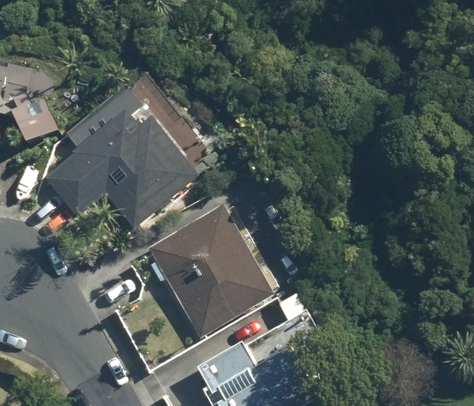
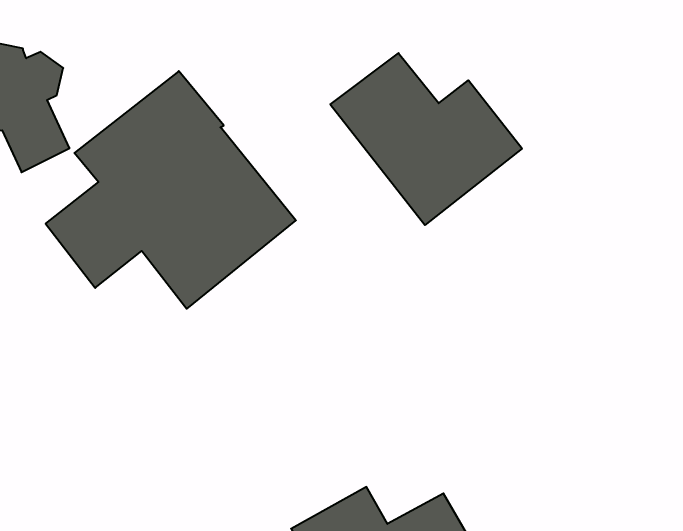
building: none -> [330,53,522,225]
building: [145,203,275,339] -> none

